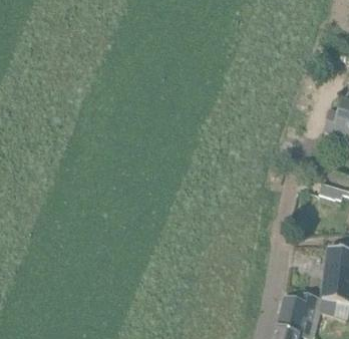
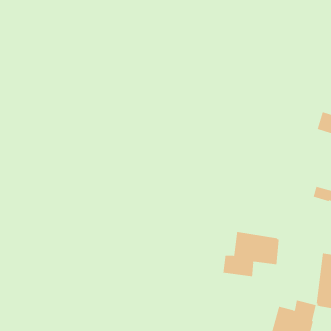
building: none -> [223,231,292,277]

